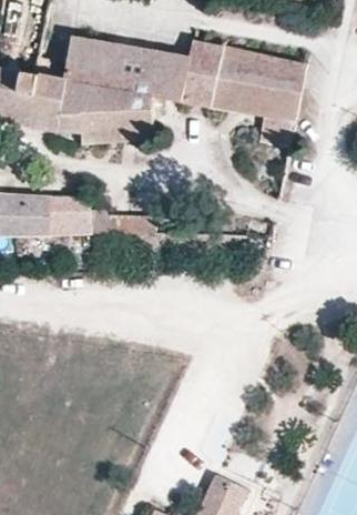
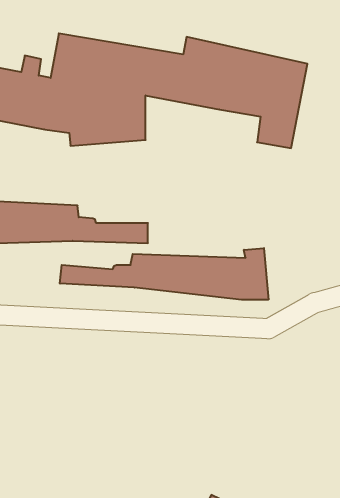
building: none -> [60,248,268,300]

